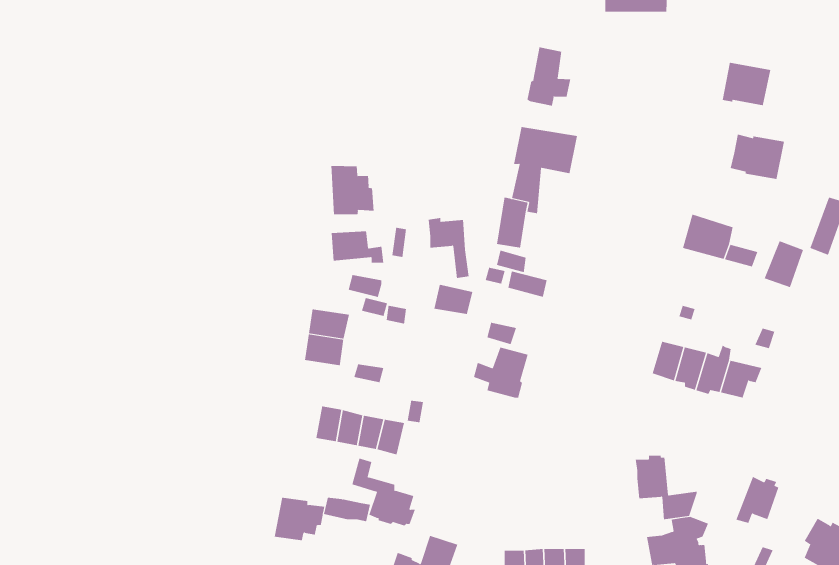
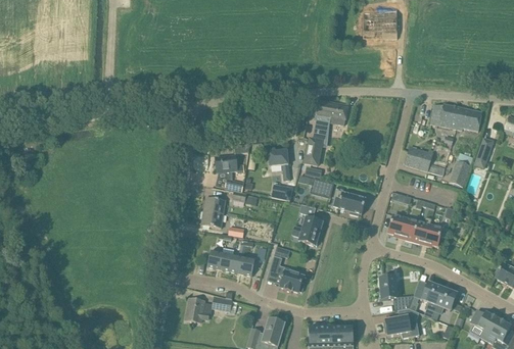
building: [527,46,571,106] -> none
building: [722,62,771,106] -> [456,107,482,131]
building: [331,165,374,215] -> none
building: none -> [333,190,366,215]
building: [351,458,416,526] -> [270,255,305,292]
building: none -> [413,282,442,310]

